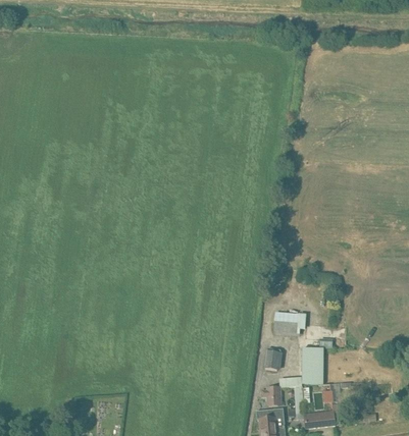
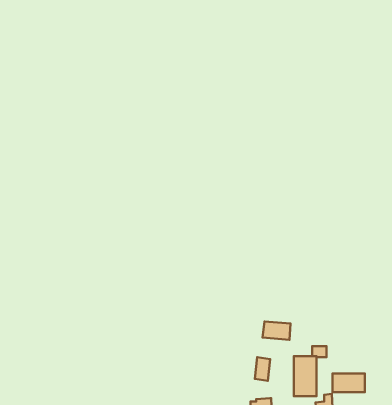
building: none -> [333,374,365,392]

